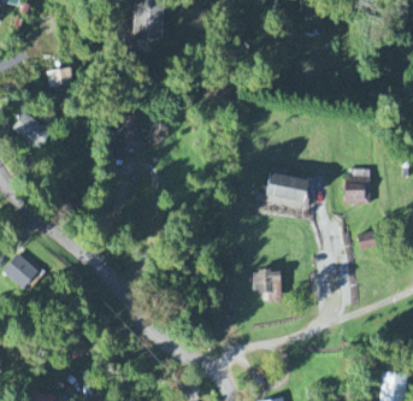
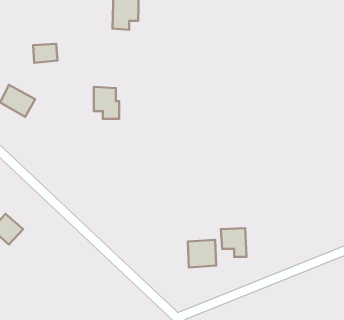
building: [344,169,371,204] -> none
building: [255,170,311,210] -> none
building: none -> [188,240,216,267]

